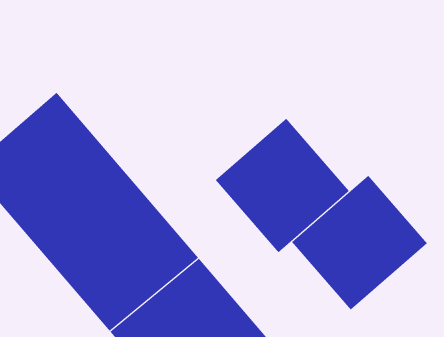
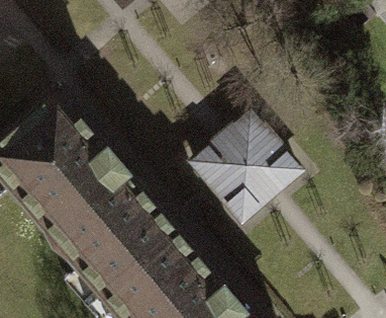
building: [291,175,428,311] -> none

